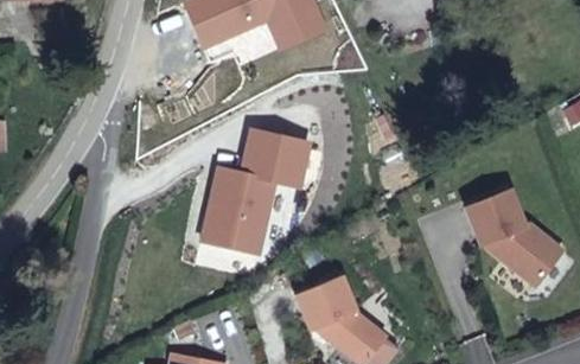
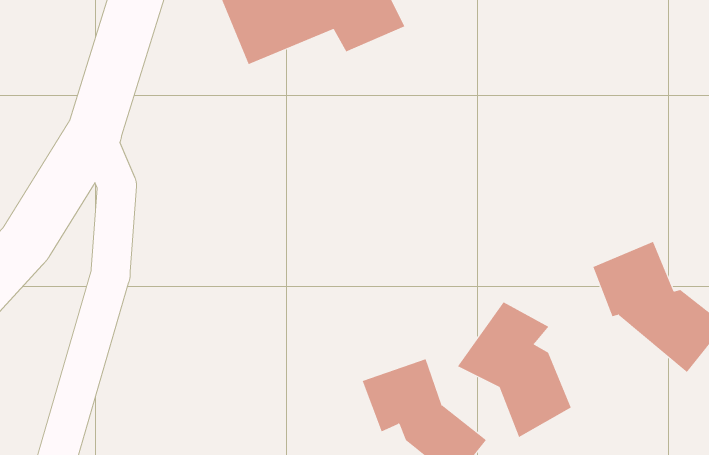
building: [202,132,311,251] -> none
building: none -> [457,301,572,438]

